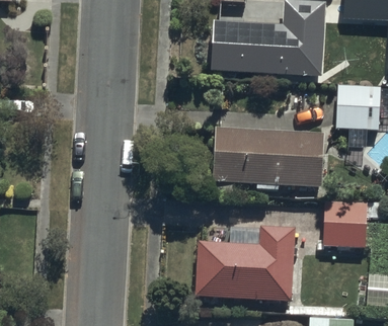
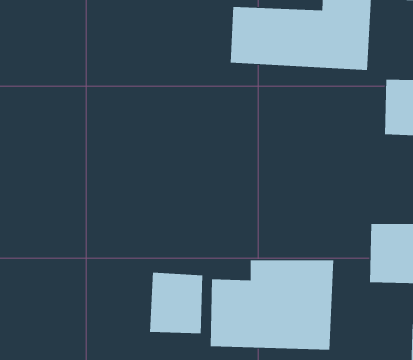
building: [212,117,324,178] -> none
building: none -> [150,272,203,334]

